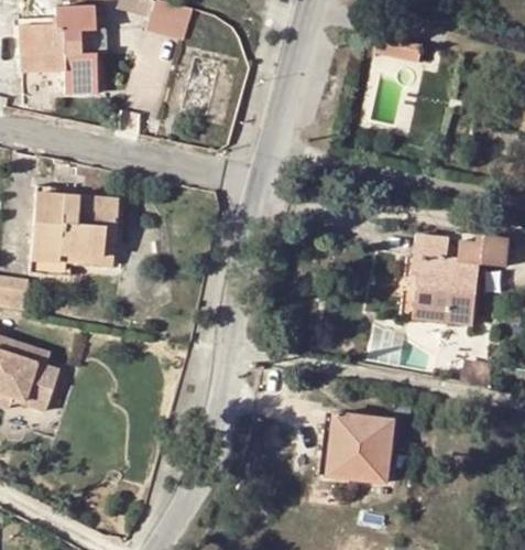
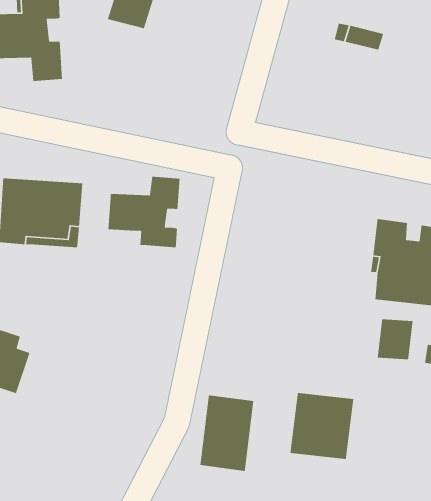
building: none -> [108,176,180,248]
building: none -> [377,319,413,360]
building: none -> [199,394,254,472]

